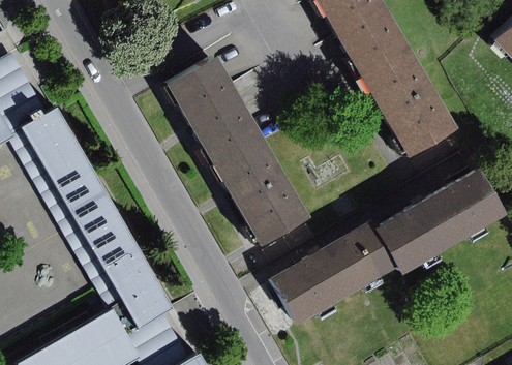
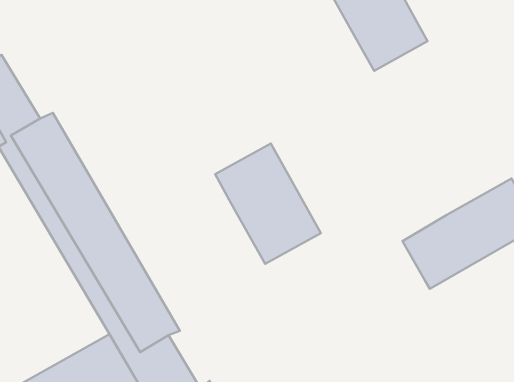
building: [355,45,450,156] -> none
building: [164,56,261,166] -> none
building: [270,219,401,324] -> none

